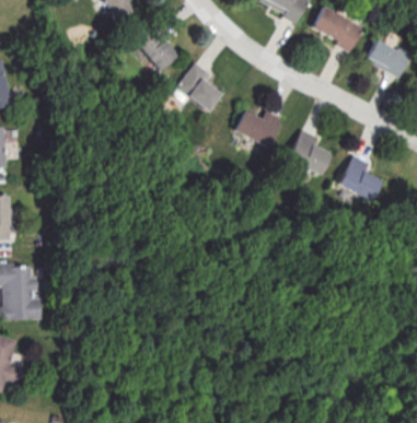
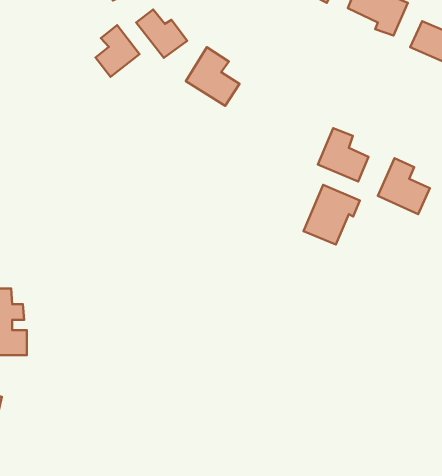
building: none -> [95,25,139,77]
building: [234,110,281,146] -> none
building: none -> [304,185,360,244]

